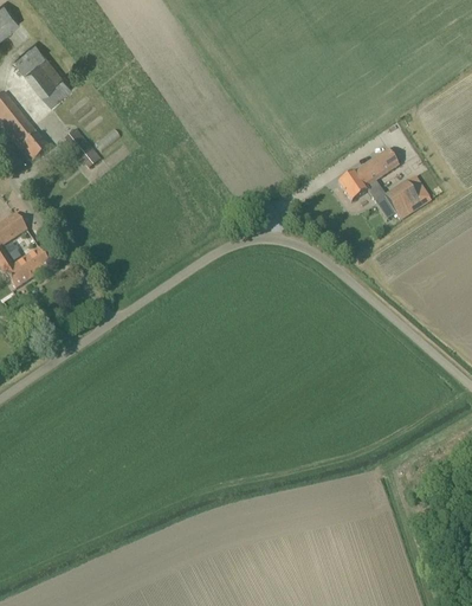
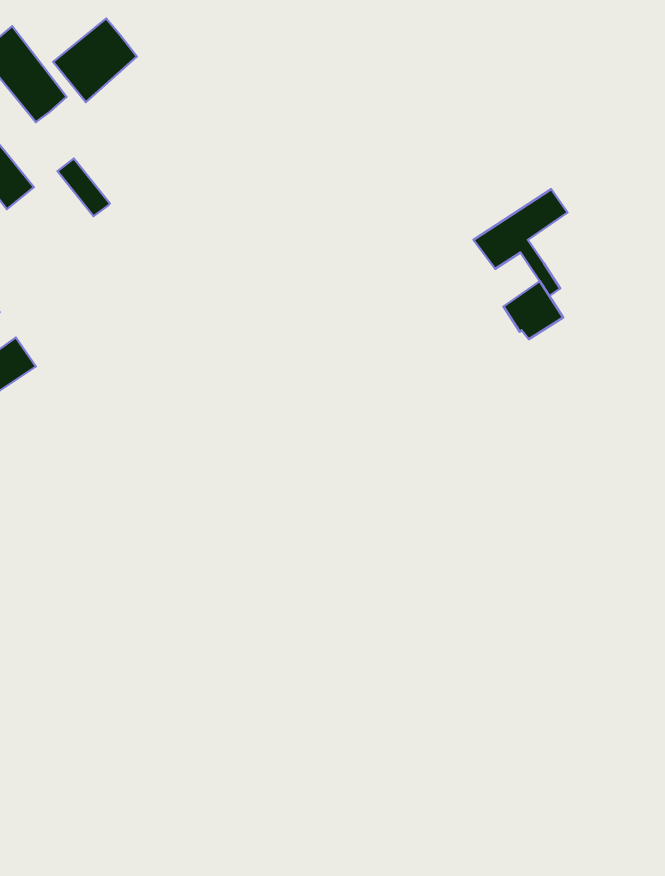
building: none -> [53,19,137,102]
building: [383,181,422,219] -> [504,281,563,339]

